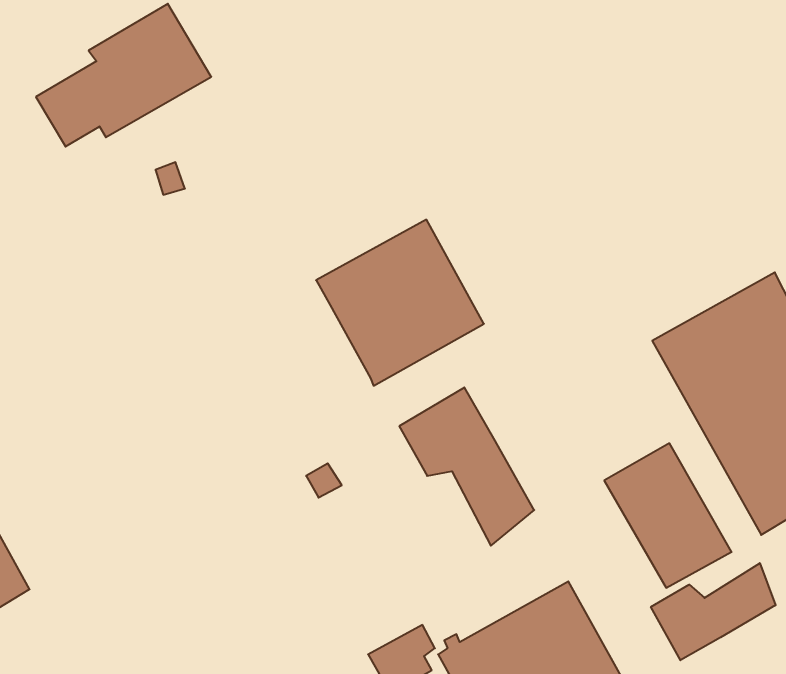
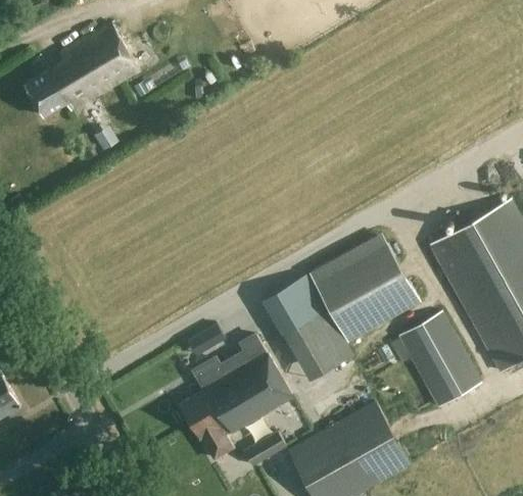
building: [316,220,484,386] -> [310,234,420,343]
building: none -> [180,336,292,459]
building: [651,563,776,660] -> none

